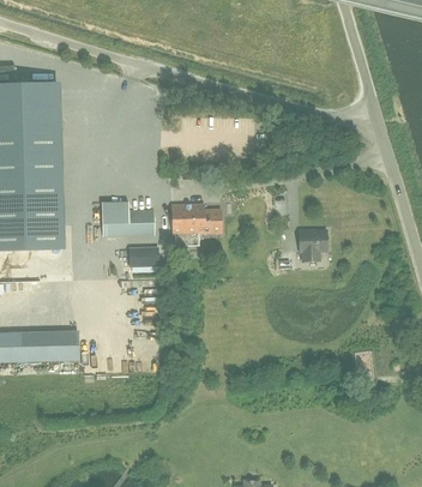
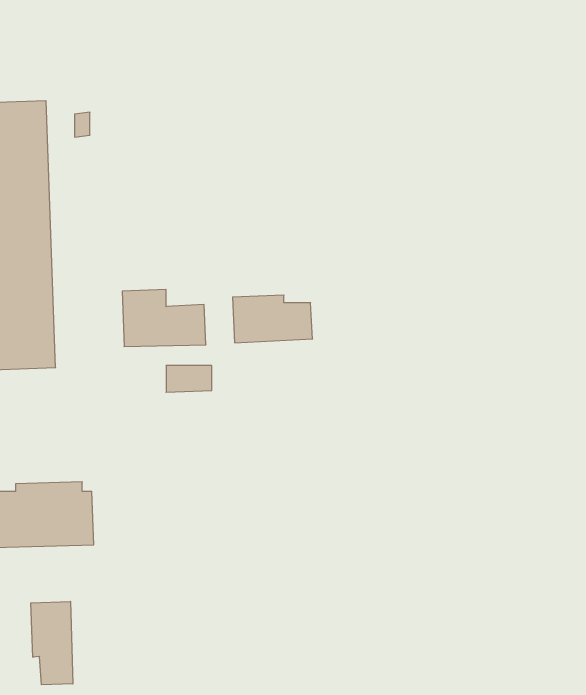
building: [299,230,327,260] -> none
building: none -> [31,601,73,685]

